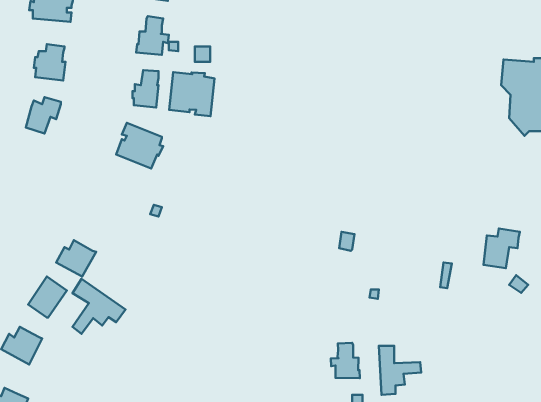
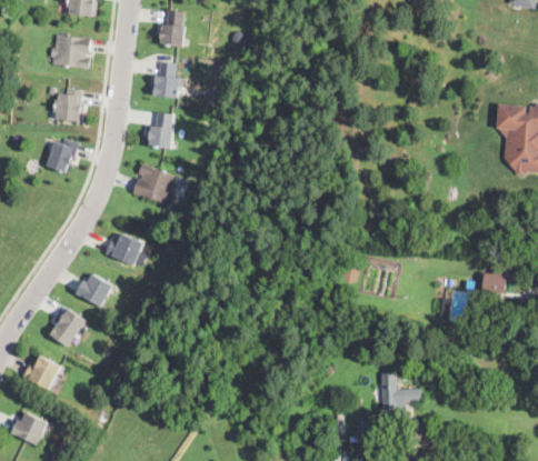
building: [169,72,215,116] -> none
building: none -> [104,233,142,265]
building: [73,279,126,334] -> none
building: [331,343,360,378] -> none

